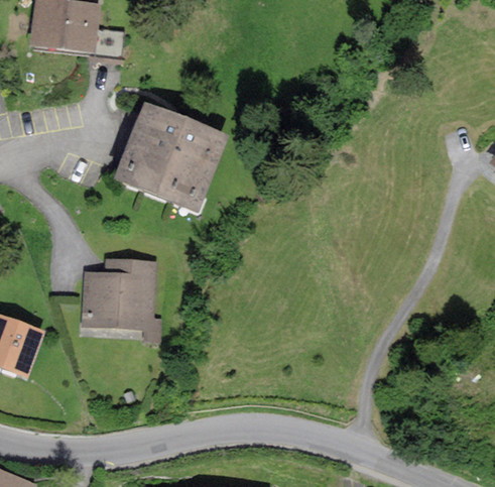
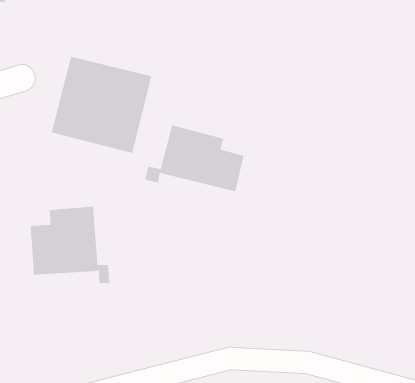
building: none -> [145,125,244,192]

